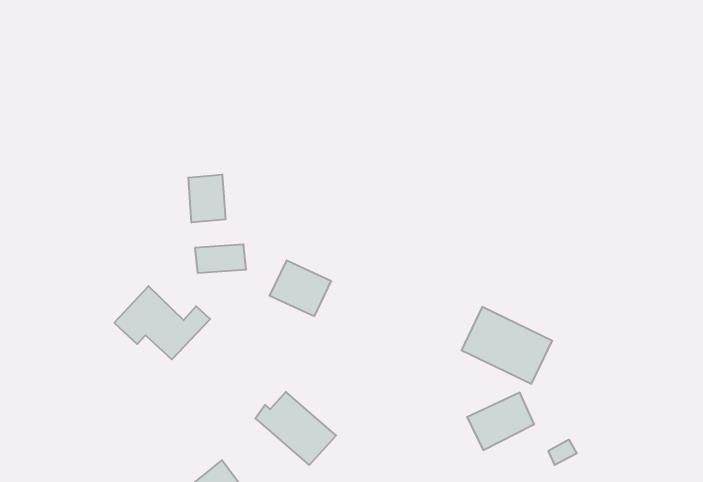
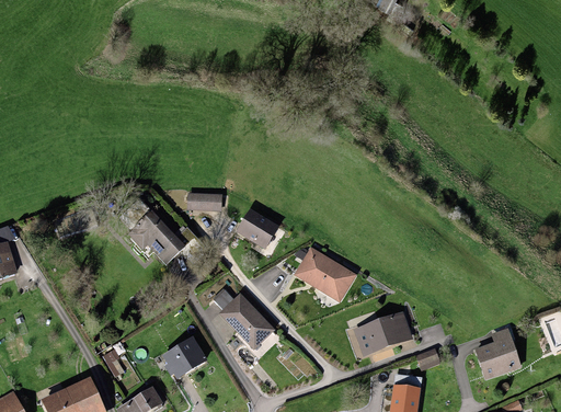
building: [188,174,225,223] -> none
building: [461,307,552,384] -> [294,243,357,300]
building: none -> [476,329,518,377]

